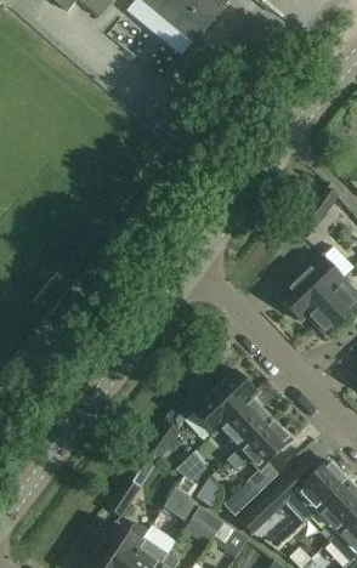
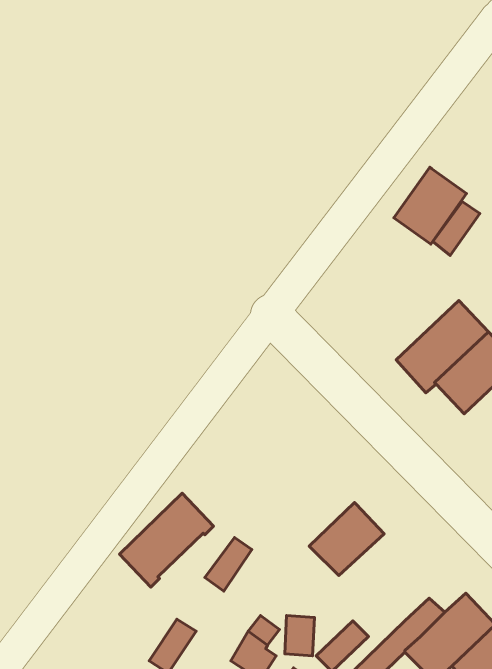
building: none -> [394,167,467,244]
building: [192,369,257,434] -> [120,493,214,587]
building: [226,419,291,471] -> none

